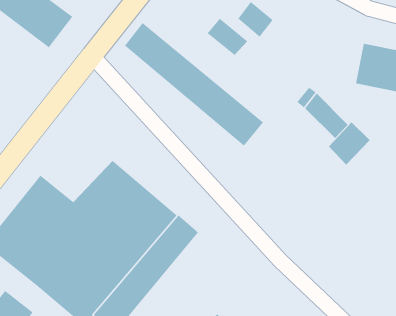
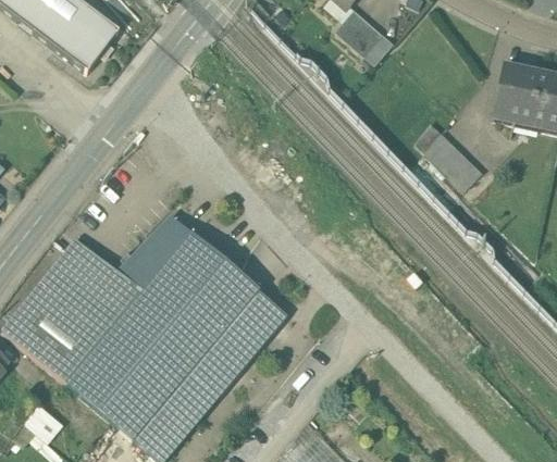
building: [207,18,248,56] -> none
building: [124,22,264,147] -> none
building: [328,121,371,165] -> none

